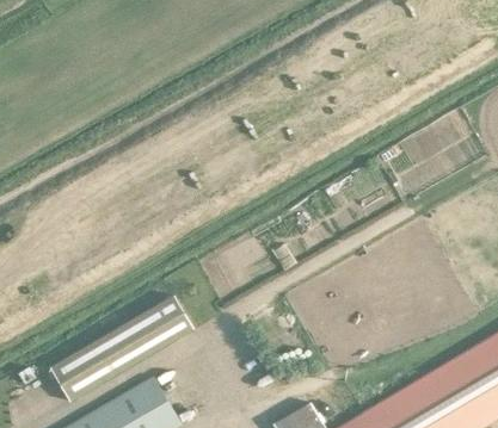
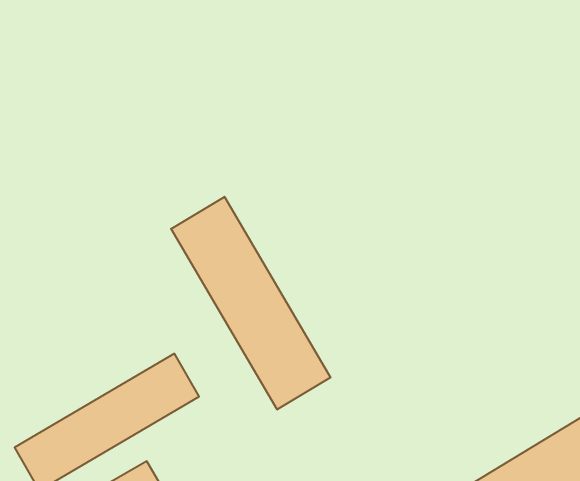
building: none -> [171,197,330,410]

